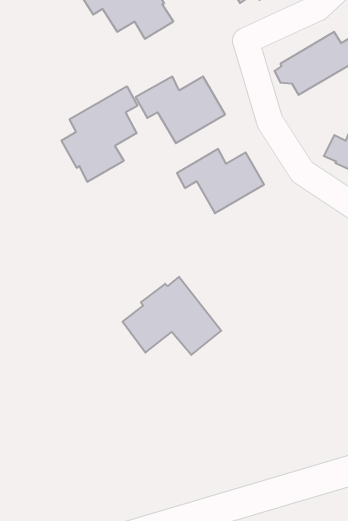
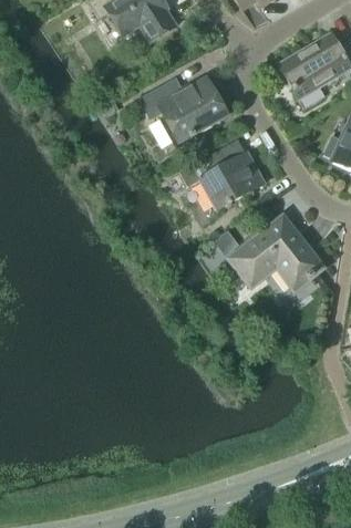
building: [62,86,137,182] -> none
building: [123,277,221,355] -> [229,214,324,289]

